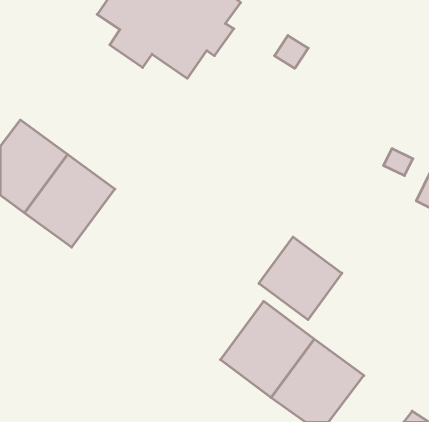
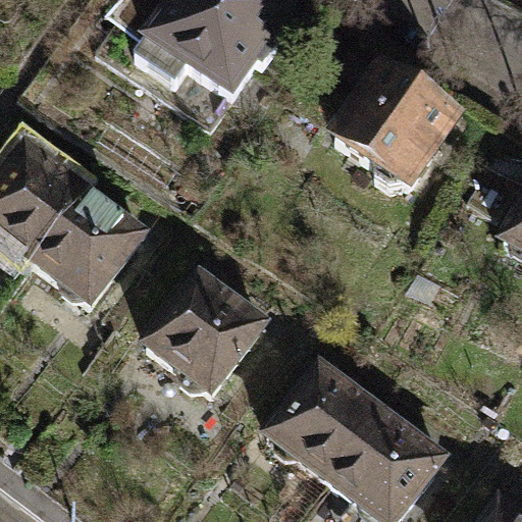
building: none -> [337,61,458,185]
building: none -> [148,273,265,392]
building: [259,237,342,320] -> none

